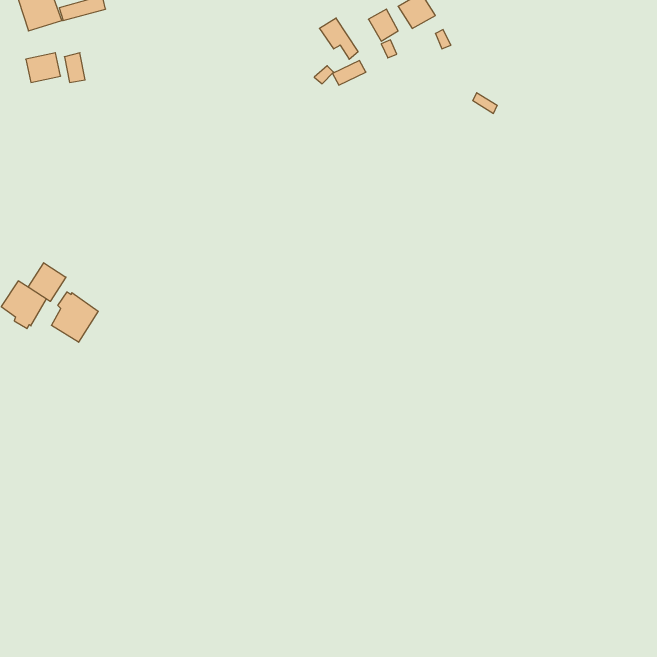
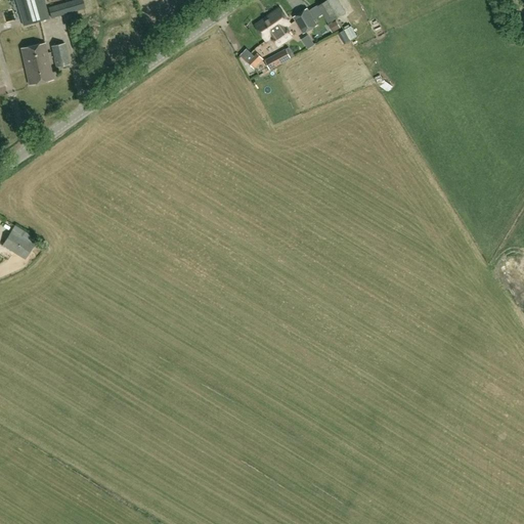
building: none -> [267,6,292,41]
building: none -> [25,60,52,83]
building: [28,263,66,301] -> none
building: [51,292,98,342] -> none

